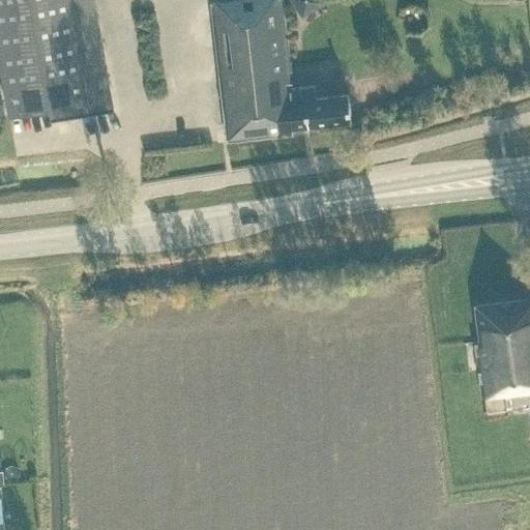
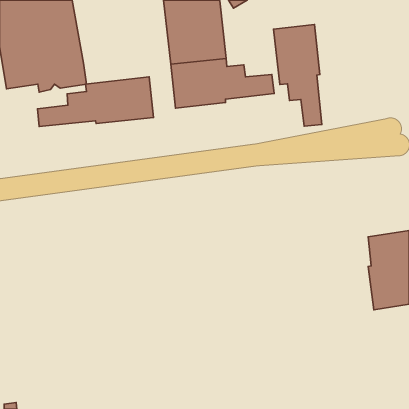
building: none -> [274,25,322,126]
building: none -> [38,77,153,127]

